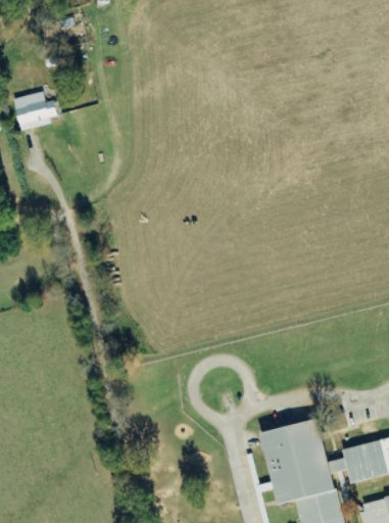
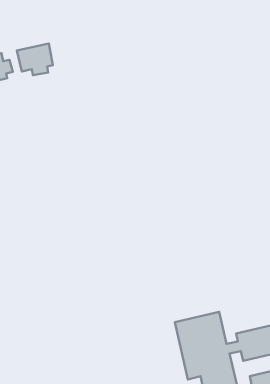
building: none -> [17,44,53,75]

